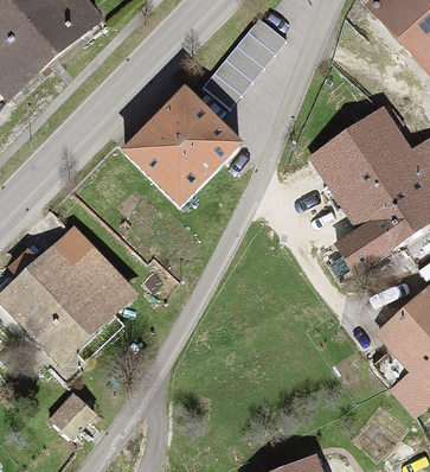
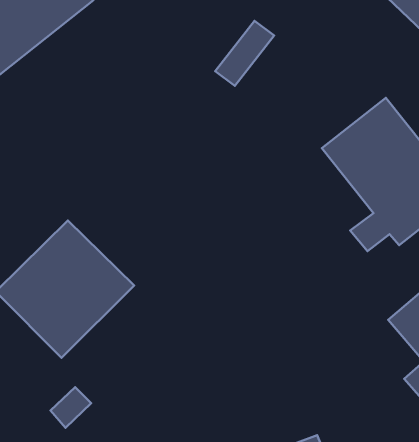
building: [124,89,240,204] -> none

